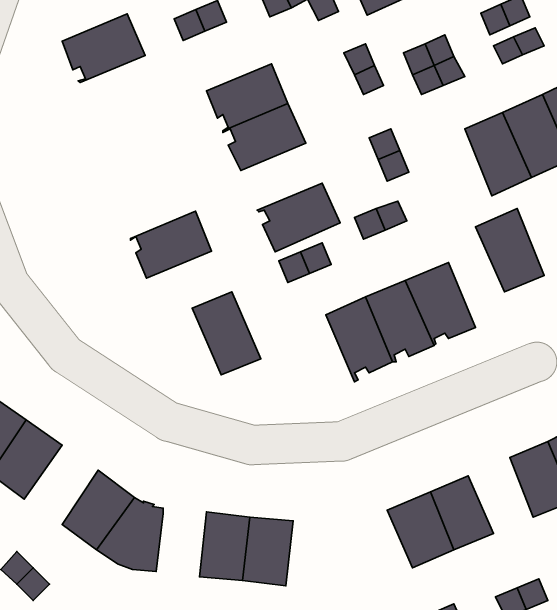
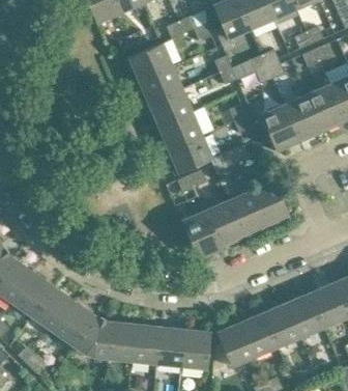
building: [62,14,145,83] -> [125,44,173,83]
building: [475,209,544,292] -> [260,105,299,152]
building: [130,211,212,278] -> [155,113,202,151]
building: [192,292,261,375] -> [181,212,221,259]
building: none -> [31,286,74,332]
building: none -> [286,294,323,337]
building: none -> [107,323,136,362]
building: none -> [216,324,254,366]
building: none -> [181,330,210,369]

